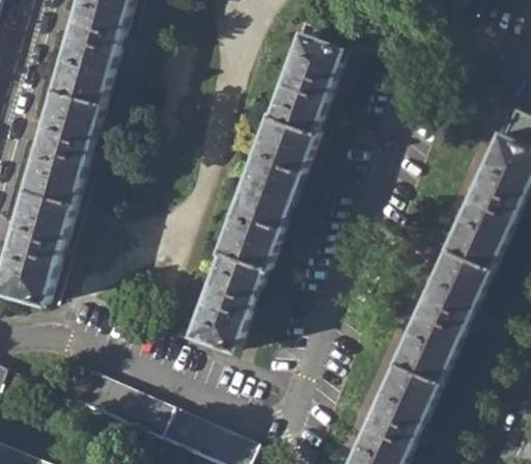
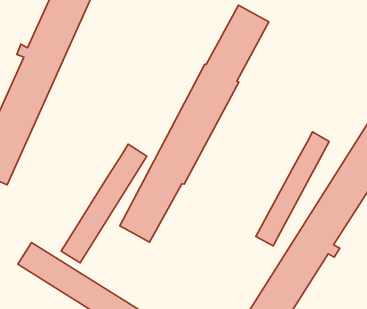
building: none -> [256,132,329,246]
building: none -> [61,144,147,263]

